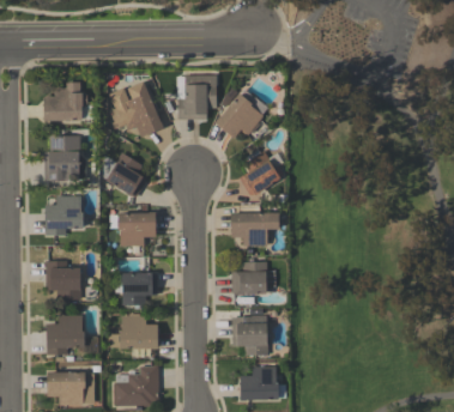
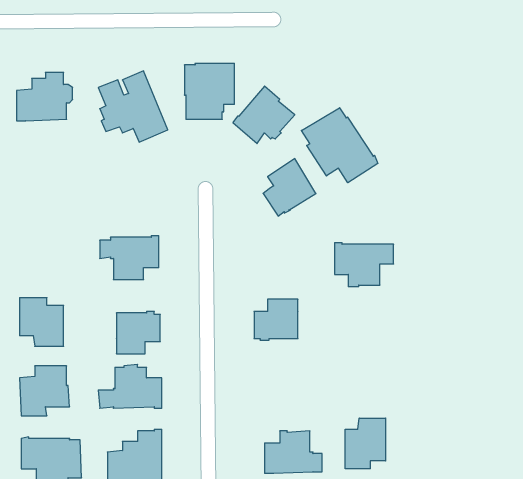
building: none -> [301,108,378,183]
building: [44,135,86,180] -> none
building: [107,152,146,196] -> none
building: [44,194,83,235] -> none
building: [231,211,278,246] -> [335,243,394,287]
building: [231,315,268,355] -> none
building: none -> [345,418,386,469]

